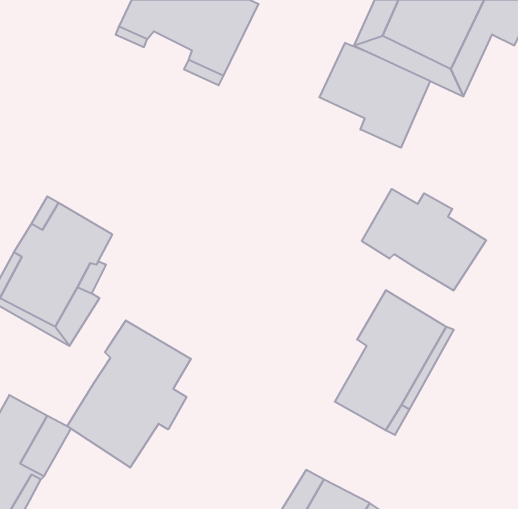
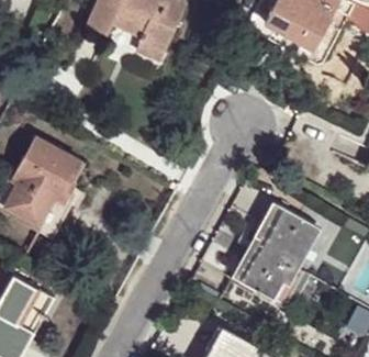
building: [319,43,430,148] -> none
building: [362,189,486,291] -> none
building: [67,320,191,468] -> none

